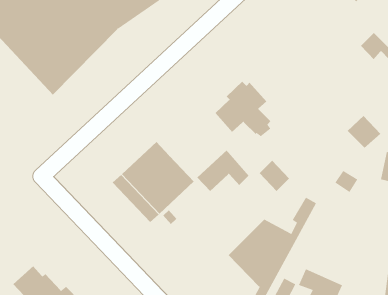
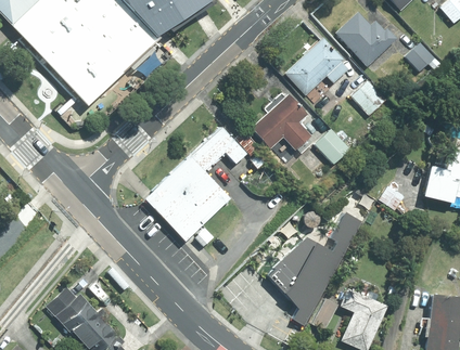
building: none -> [337,13,398,65]
building: none -> [286,38,349,95]
building: [347,115,381,148] -> [352,80,387,115]
building: [197,149,249,192] -> [193,127,248,171]
building: [259,160,290,192] -> [317,130,349,164]

